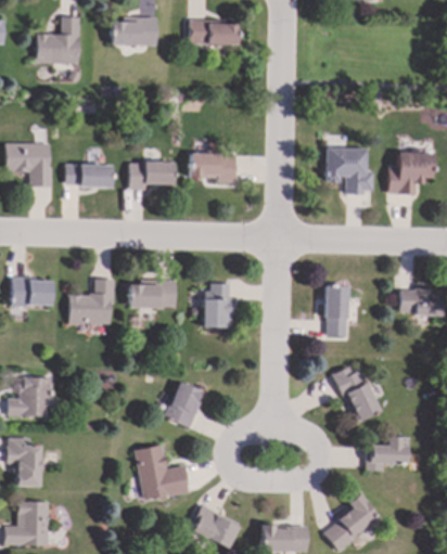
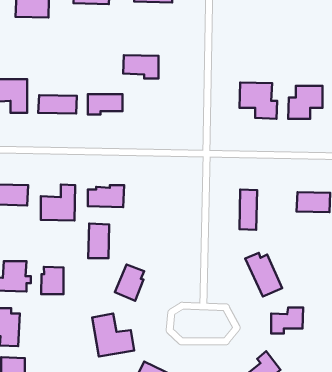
building: [190,153,235,183] -> [123,55,158,79]
building: [204,283,231,327] -> [88,224,109,258]
building: none -> [41,267,64,294]

